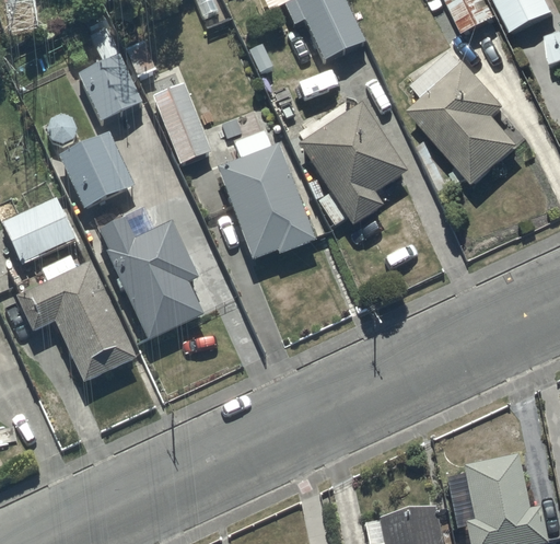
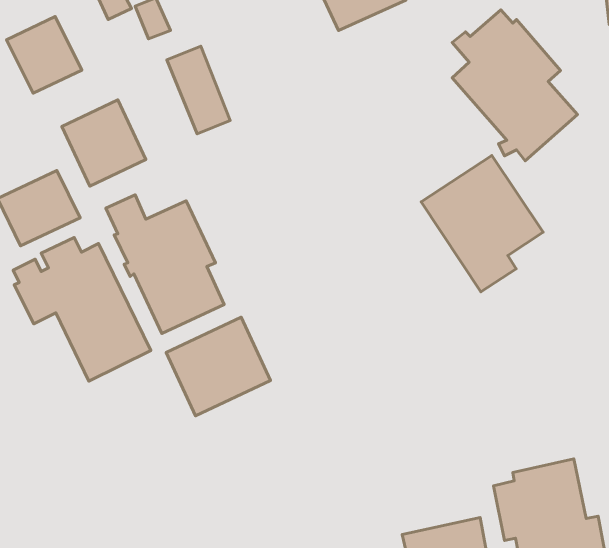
building: [75,53,143,121] -> [6,17,82,93]
building: [298,102,407,224] -> [421,156,543,292]
building: [218,143,314,258] -> none
building: none -> [166,317,271,416]

